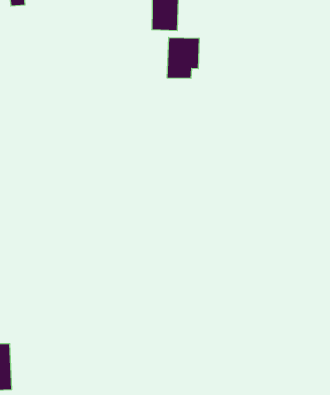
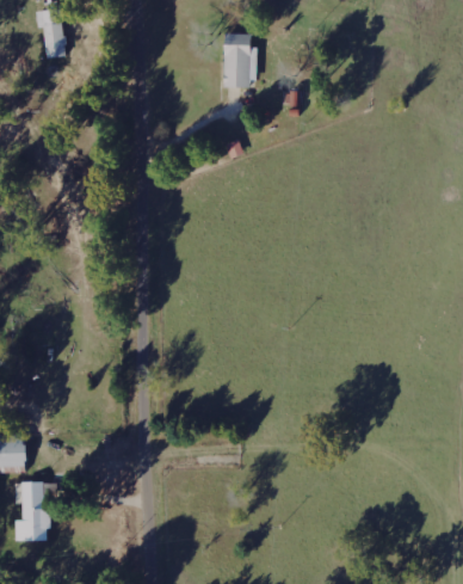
building: [167,37,199,78] -> none

